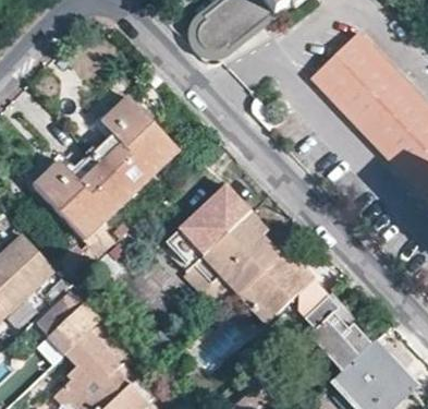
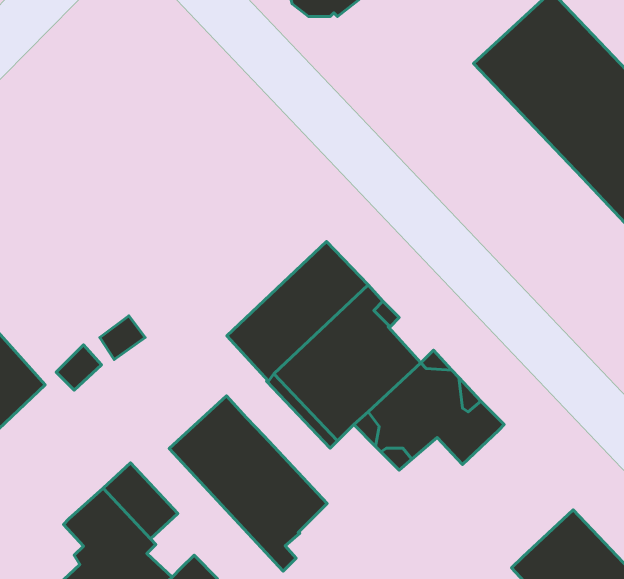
building: [36,97,179,239] -> none
building: none -> [169,396,327,571]
building: [39,286,106,351] -> none
building: [303,298,371,374] -> none

